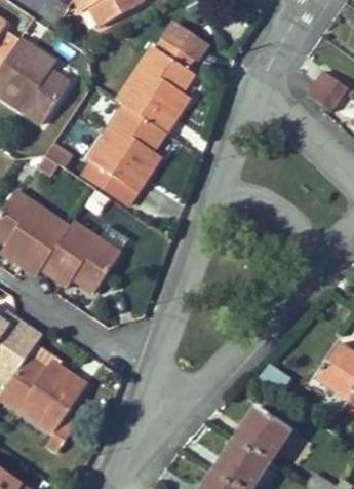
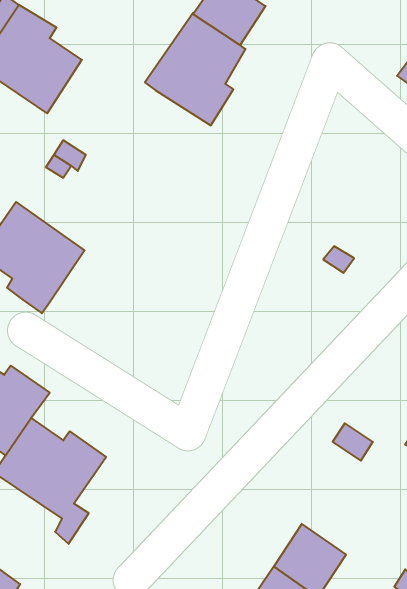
building: [84,105,166,200] -> none
building: [42,221,121,292] -> none
building: [236,407,291,460] -> none

